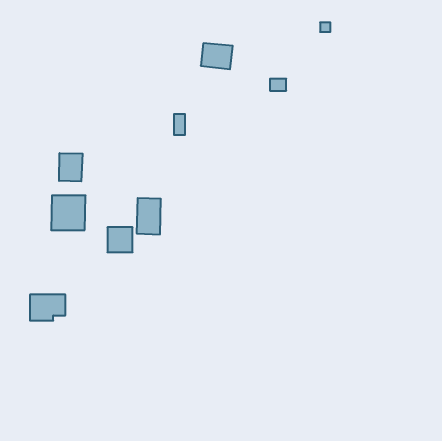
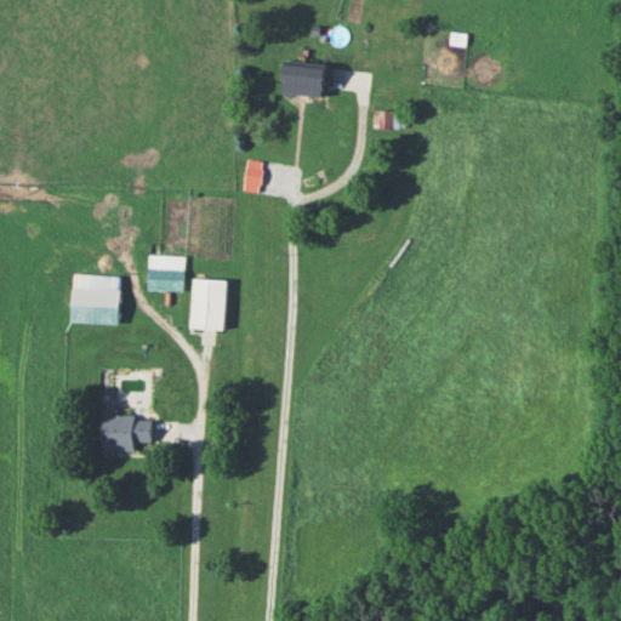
building: [59,153,83,181] -> none
building: [107,227,133,252] -> [148,256,183,291]
building: [30,295,65,321] -> [103,414,153,450]

